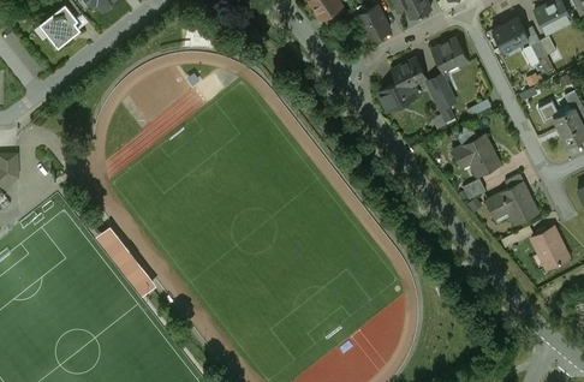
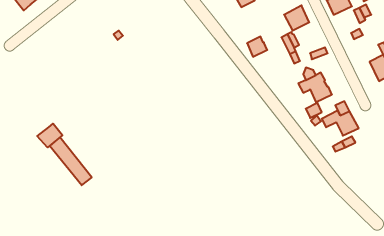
building: [391,58,425,90] -> none
building: none -> [37,124,62,147]
building: [530,226,568,268] -> none

